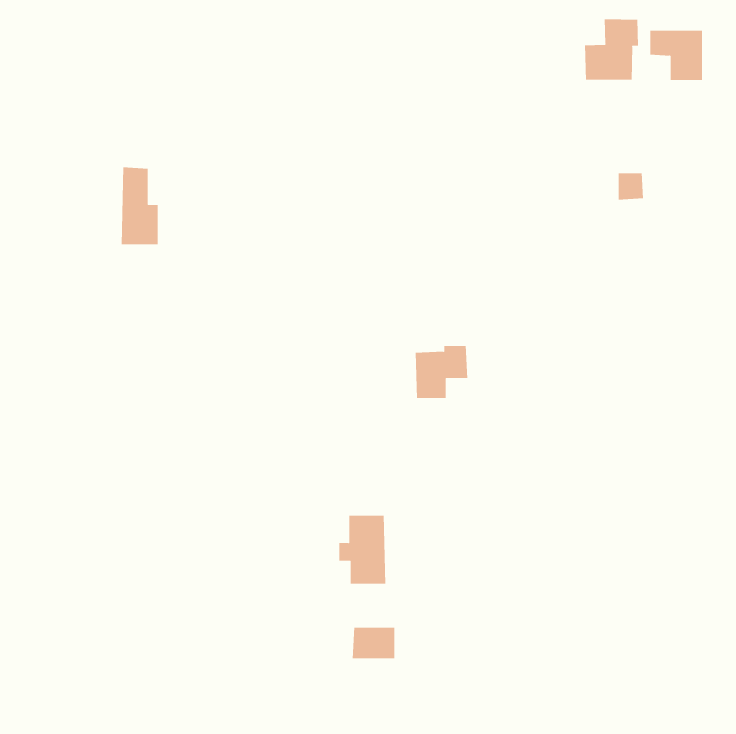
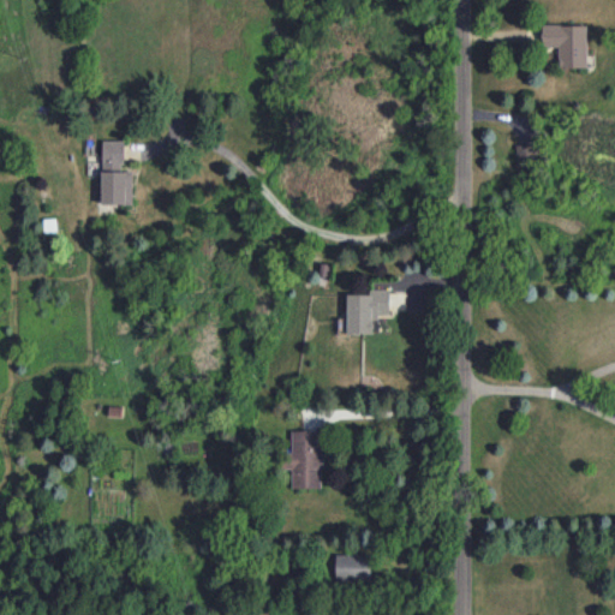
building: [585,19,639,80] -> none
building: [352,627,395,659] -> [335,555,371,581]

